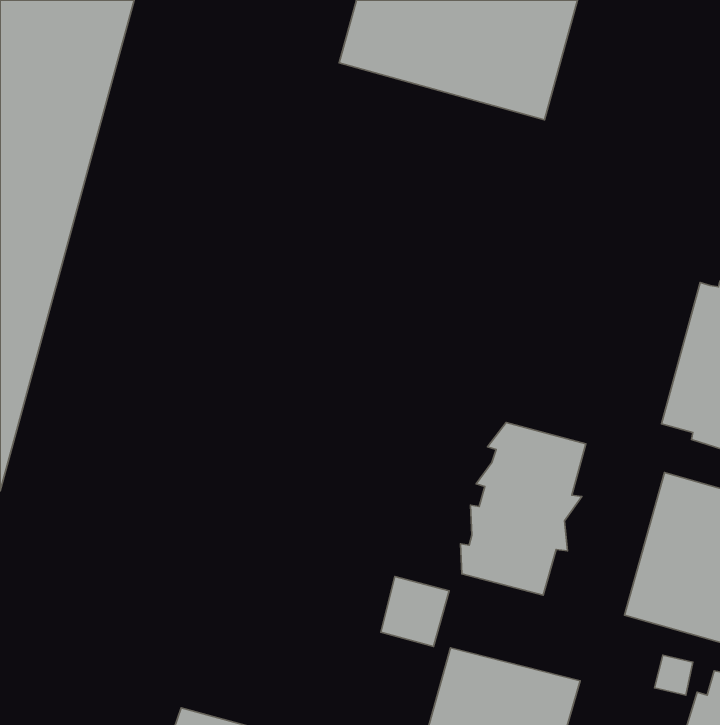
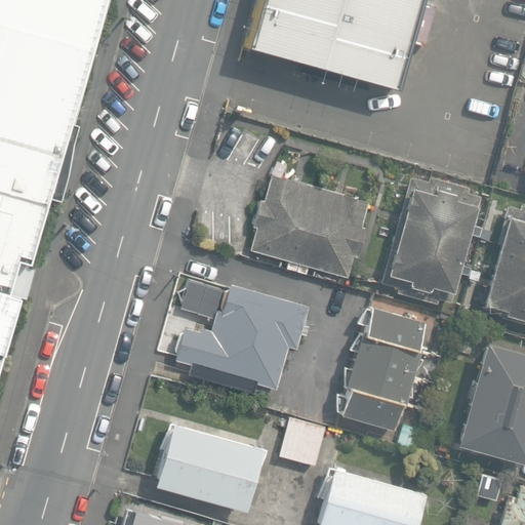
building: none -> [252,174,371,279]
building: none -> [386,177,484,300]
building: none -> [178,287,311,395]
building: none -> [153,423,261,512]

